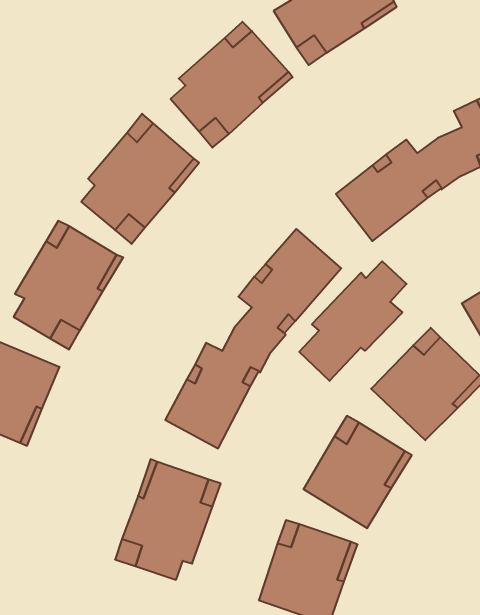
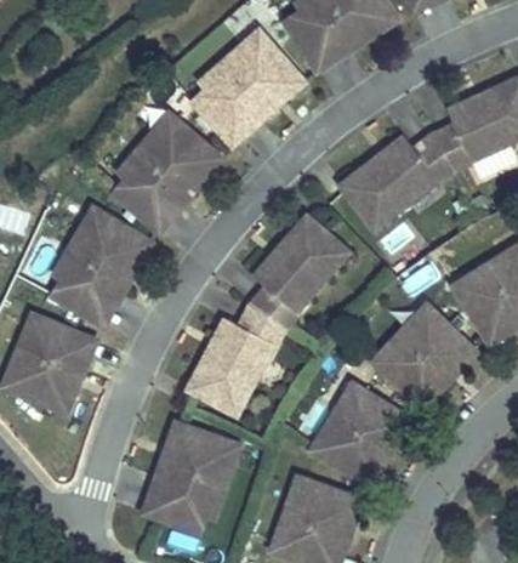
building: [299,261,407,381] -> none

